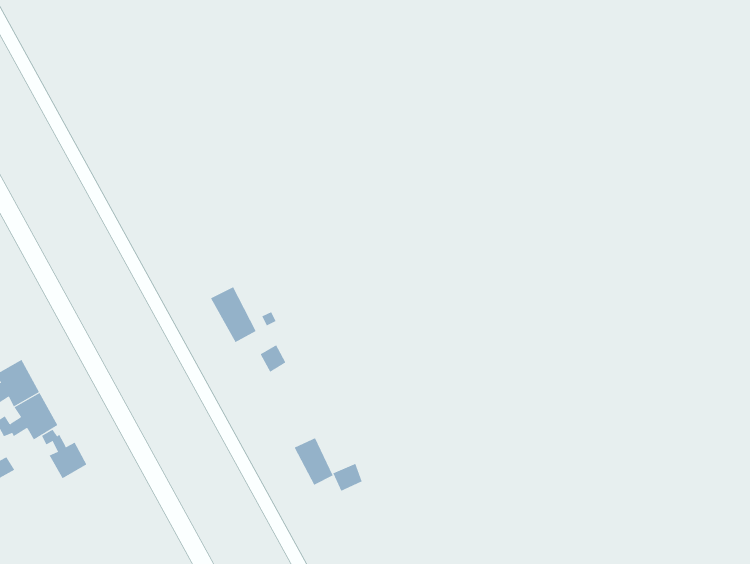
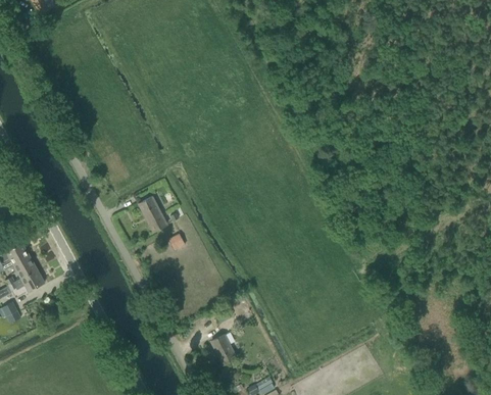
building: [41,429,87,479] -> none
building: [294,438,334,485] -> [212,335,237,364]

